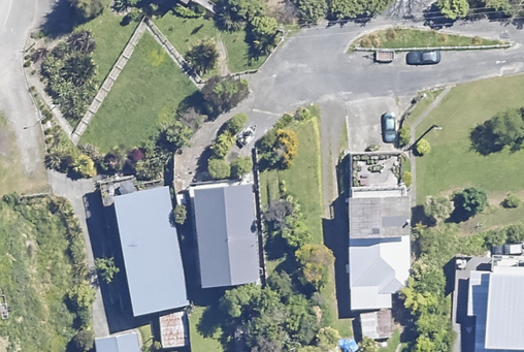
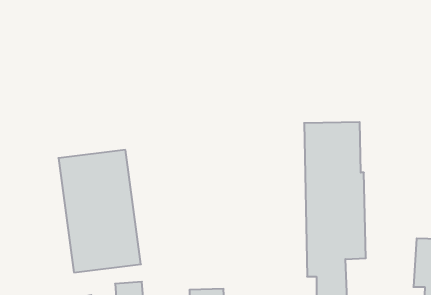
building: [192,178,255,280] -> none

